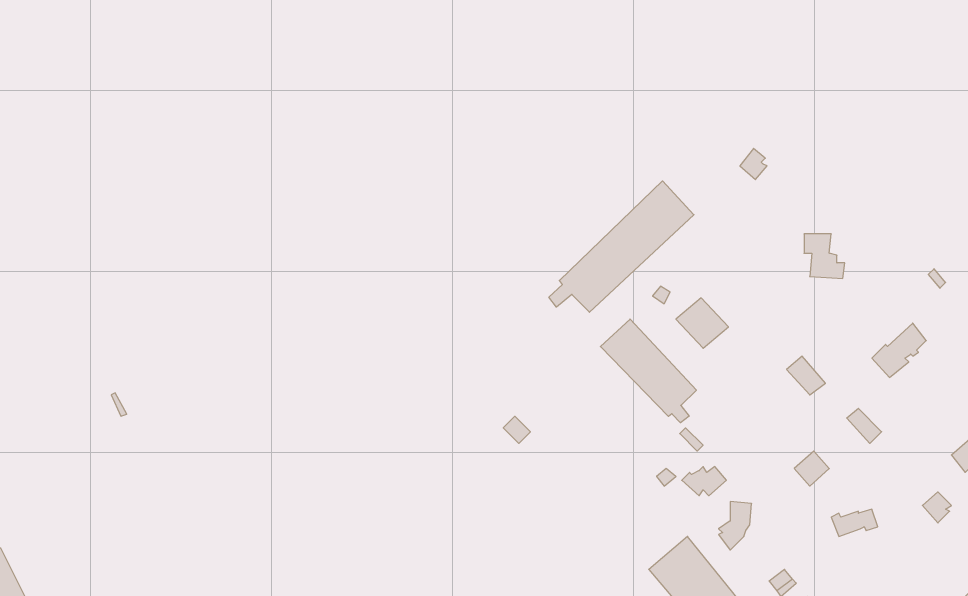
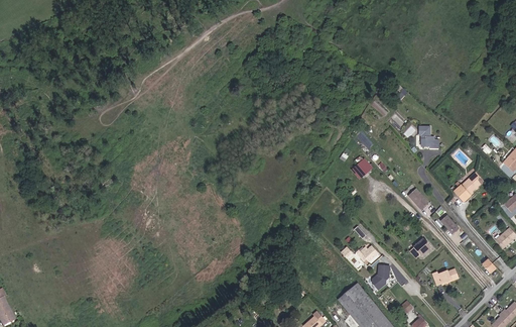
building: [549,181,694,312] -> none
building: [600,319,696,423] -> none

